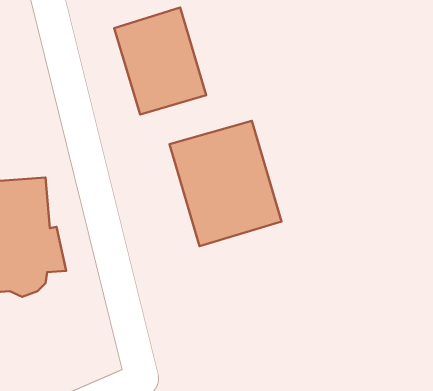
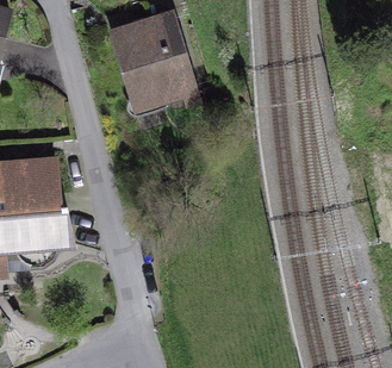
building: [169,121,281,246] -> none

